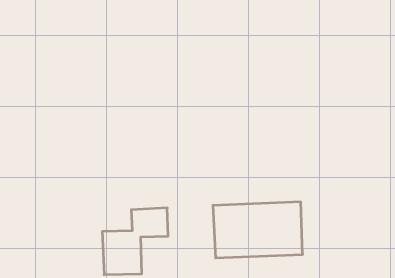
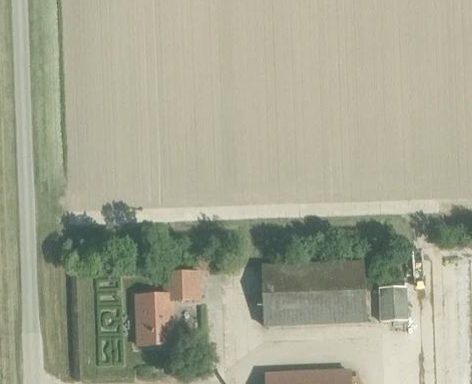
building: none -> [379,286,407,321]

